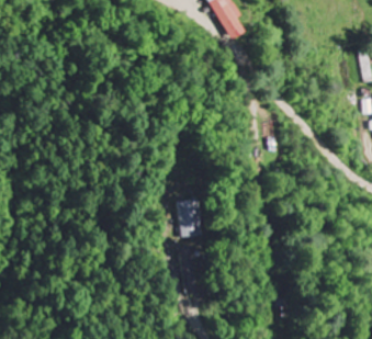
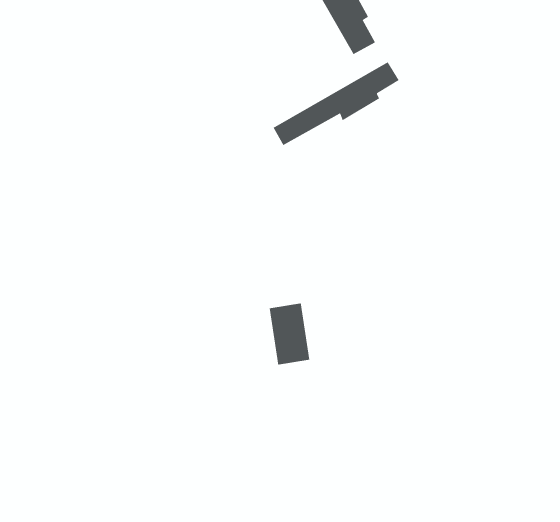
building: none -> [273,61,400,146]

